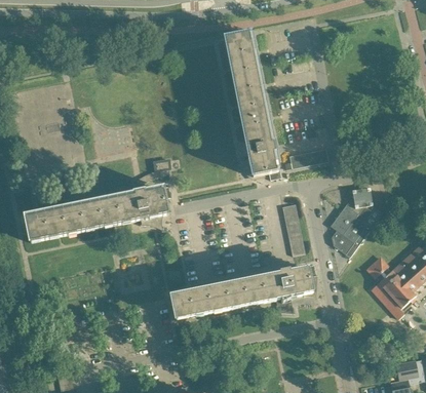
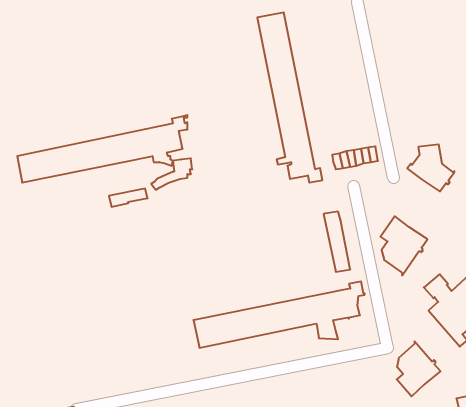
building: [26,183,170,240] -> [17,115,187,183]
building: [342,186,382,226] -> [407,144,454,191]
building: none -> [397,341,440,396]

